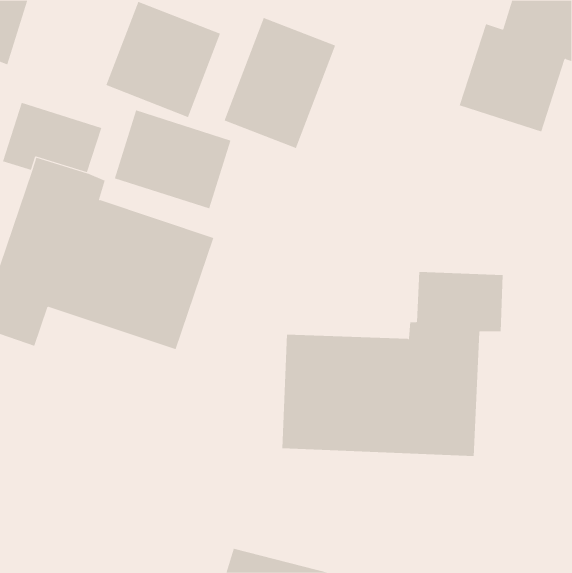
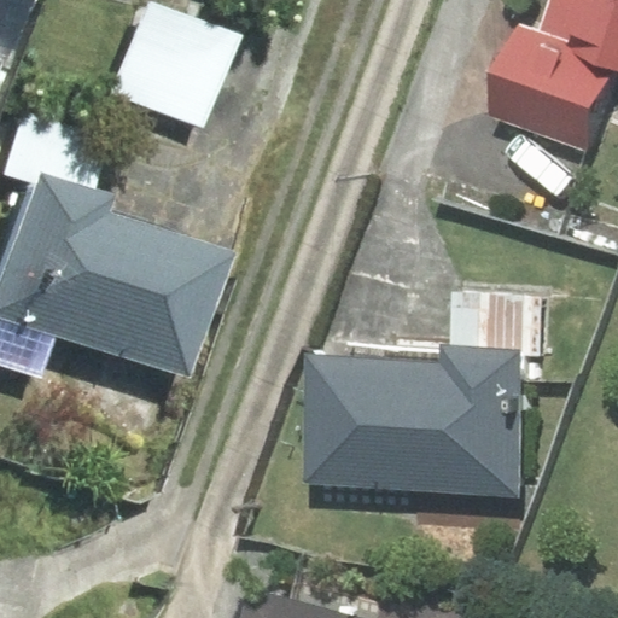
building: [224,17,336,149] -> none
building: [114,110,231,209] -> none

